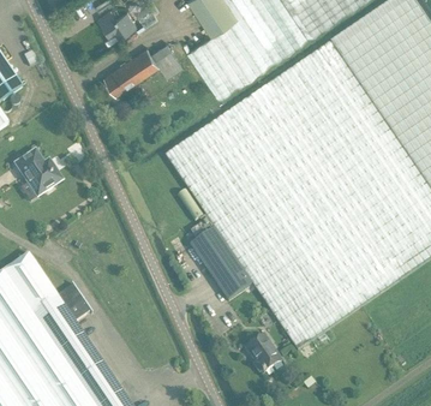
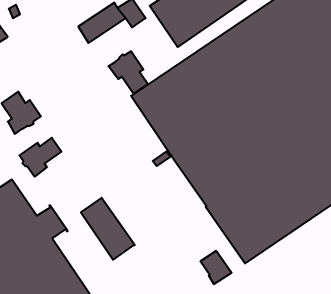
building: none -> [108,51,148,94]
building: none -> [19,138,61,177]
building: [191,226,253,298] -> [81,198,135,260]

